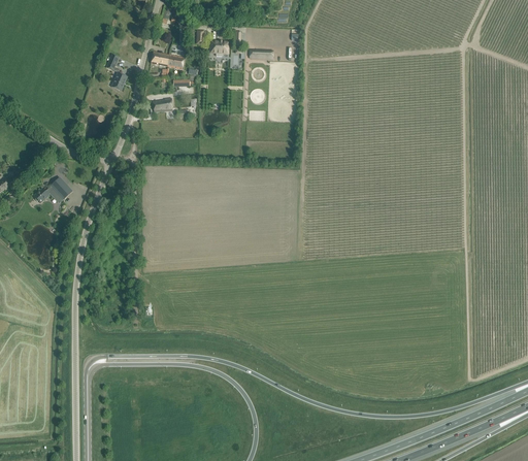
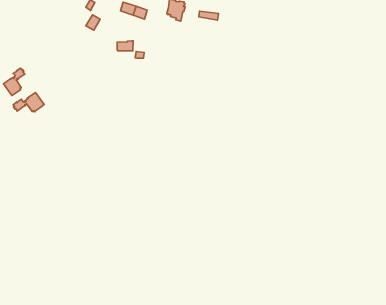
building: none -> [3,68,25,95]

